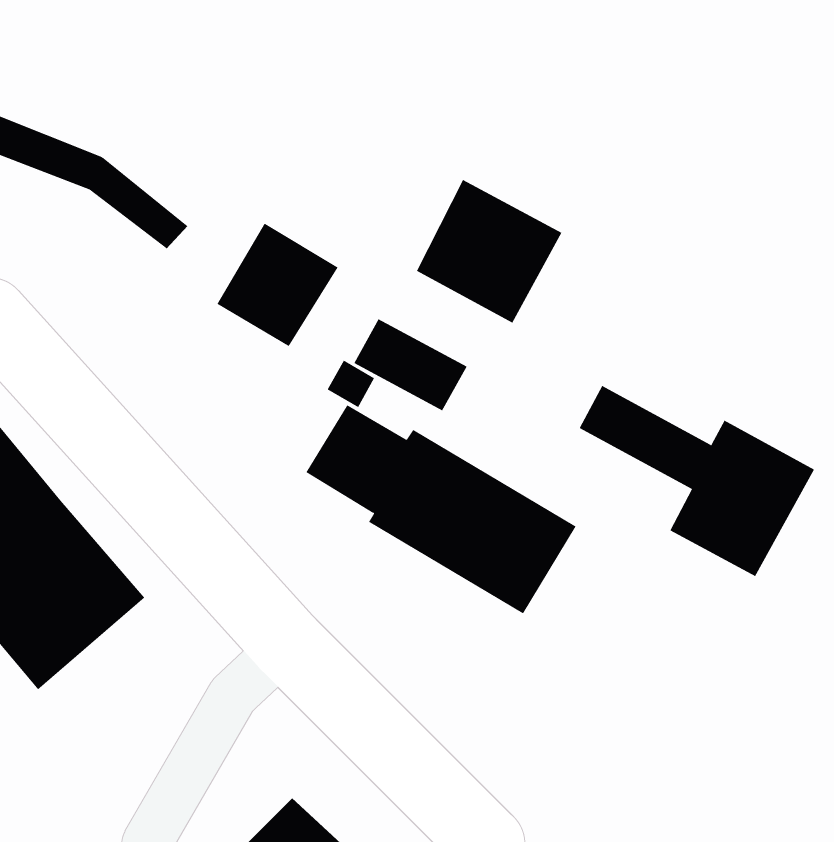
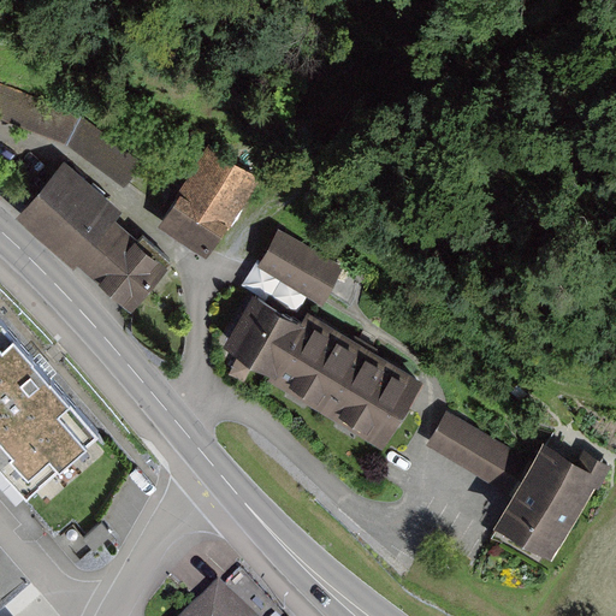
building: [416,179,562,323] -> none
building: none -> [16,166,170,308]
building: [579,385,815,577] -> [430,416,602,556]

